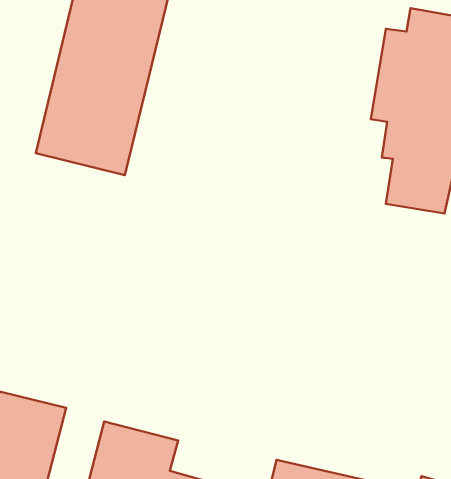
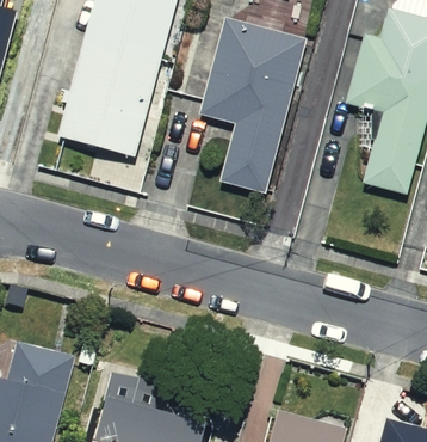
building: none -> [198,18,299,185]

